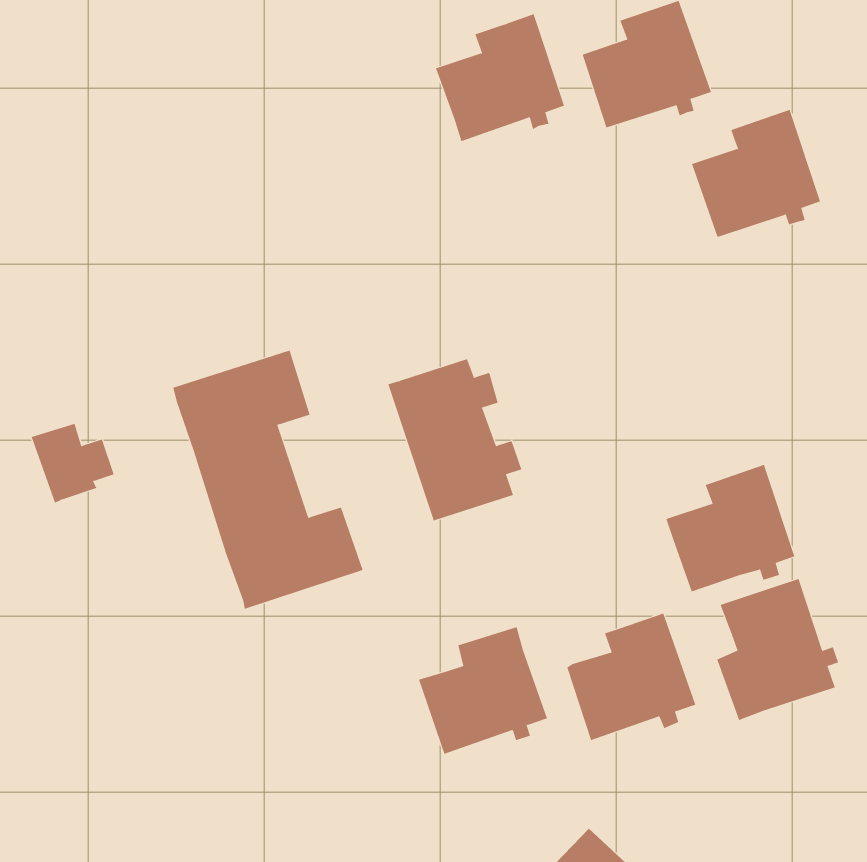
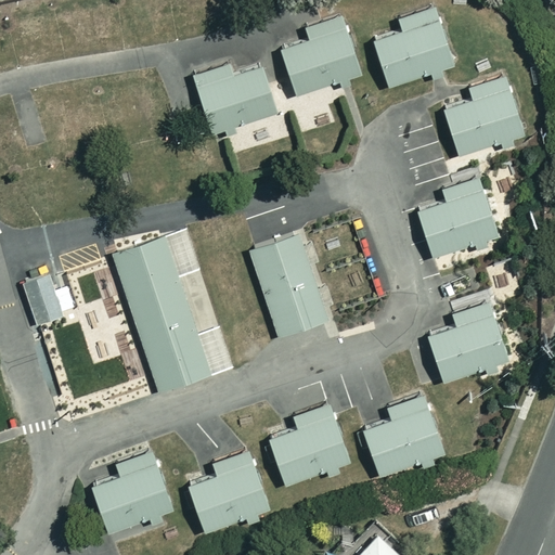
building: none -> [192,63,278,138]
building: none -> [418,178,500,258]
building: [716,578,839,721] -> none
building: none -> [186,451,269,532]
building: none -> [91,452,173,533]

